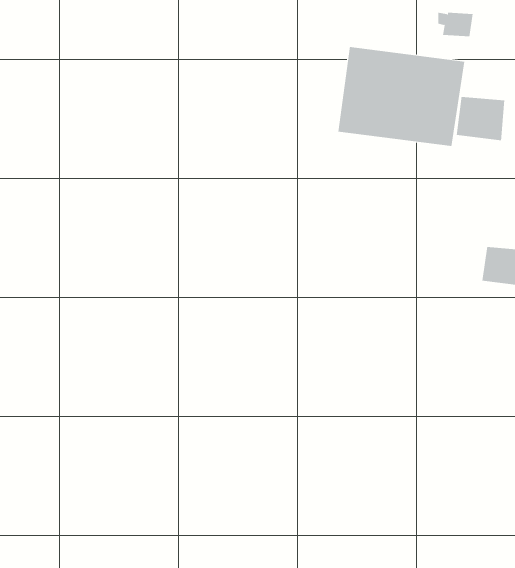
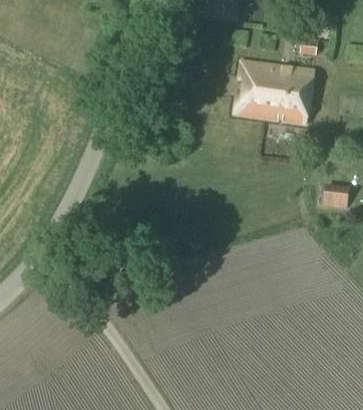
building: [456,96,505,141] -> none

